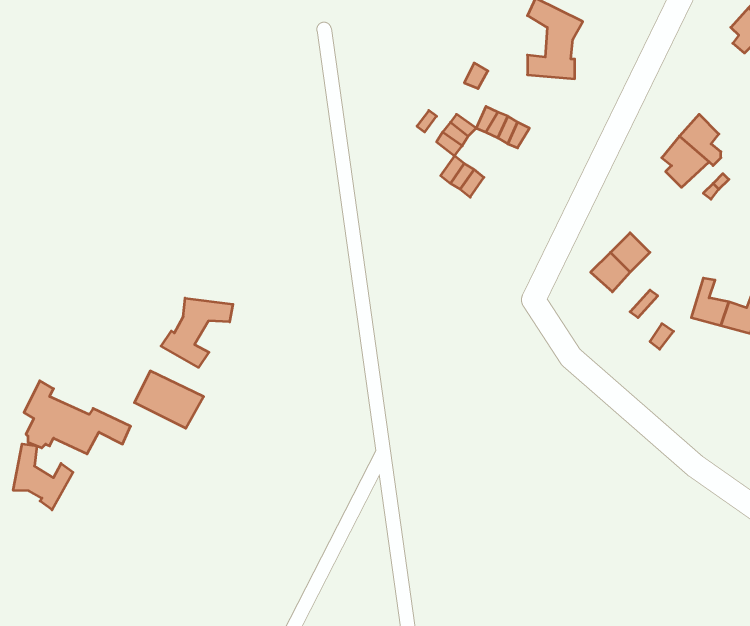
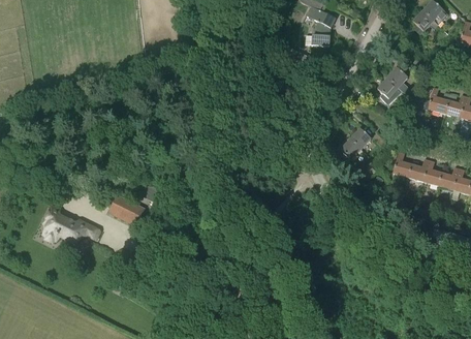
building: [161,298,233,367] -> none
building: [13,444,73,510] -> none

